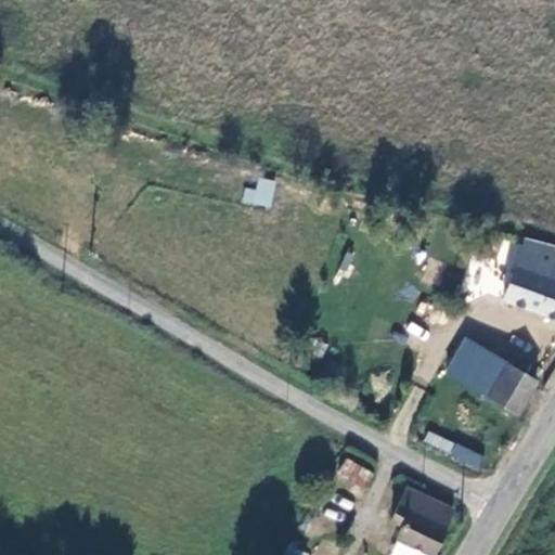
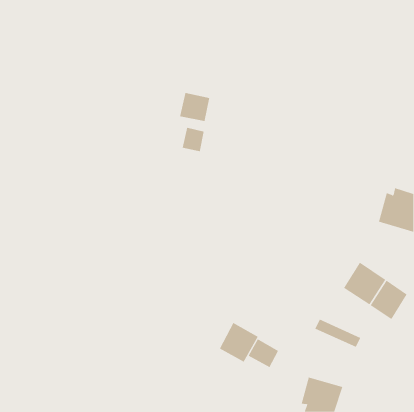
building: none -> [179,92,210,122]
building: none -> [219,322,258,363]

